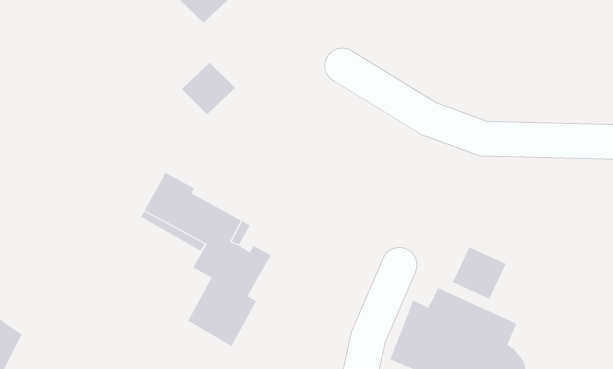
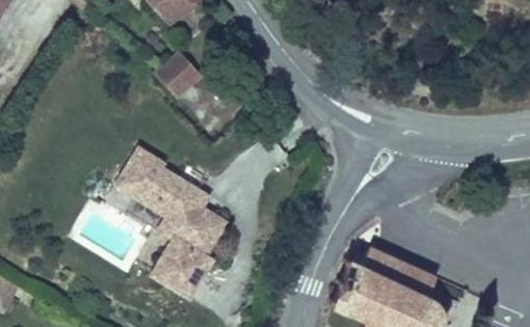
building: [452,246,507,299] -> none

